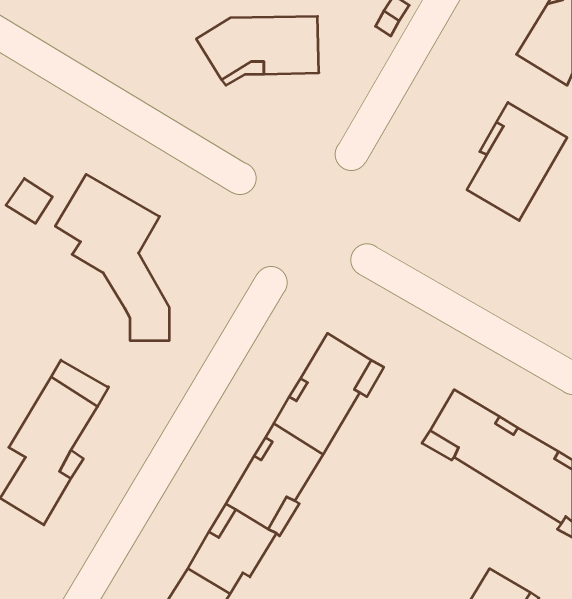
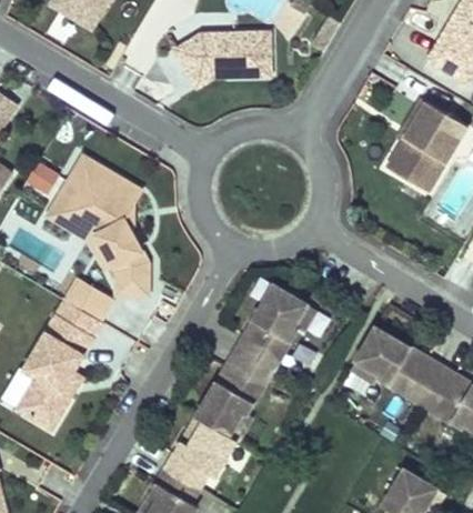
building: none -> [51,198,115,266]
building: none -> [66,281,114,324]

